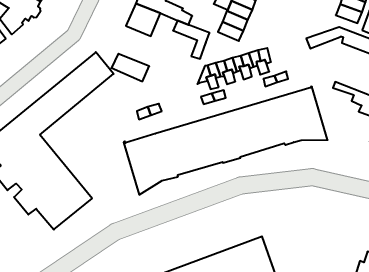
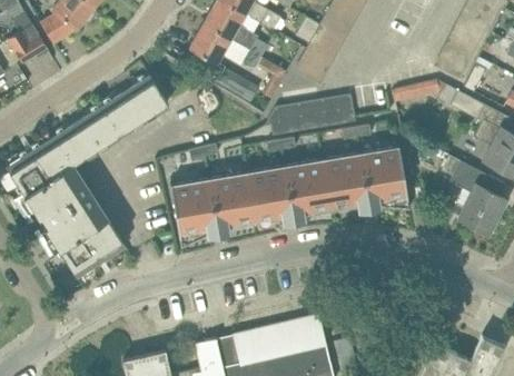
building: [111,54,149,81] -> [216,68,260,103]

